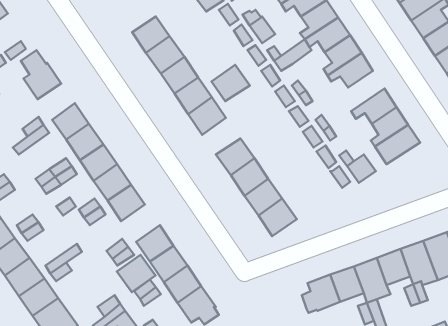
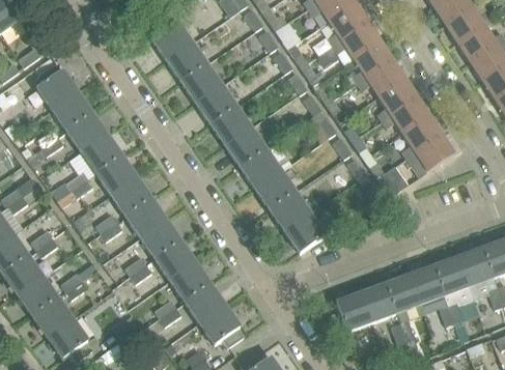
building: [211,65,250,101] -> [226,129,266,167]
building: none -> [378,79,418,121]
building: none -> [53,92,92,131]
building: [117,255,155,292] -> [141,220,181,259]

